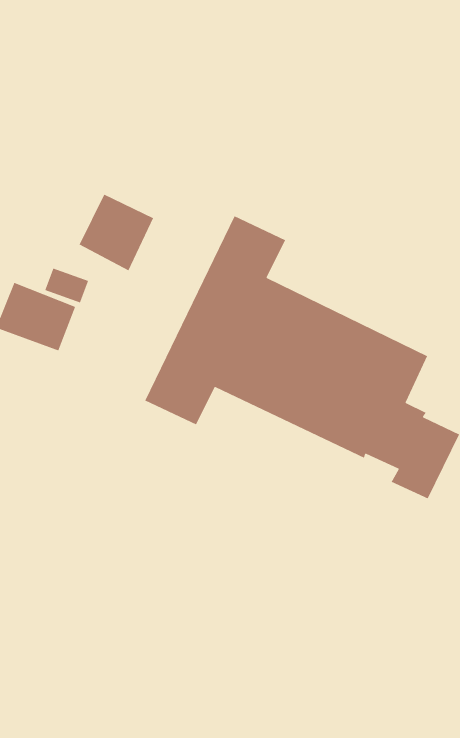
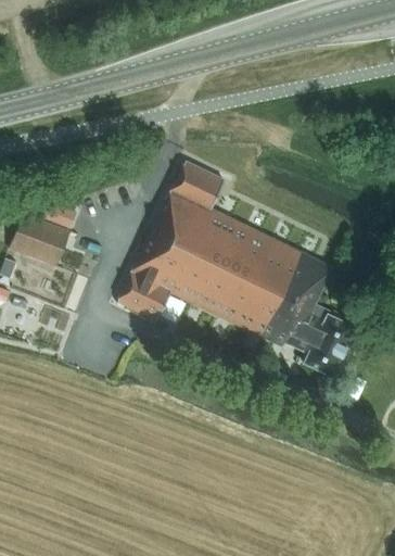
building: [79,193,154,272] -> none

